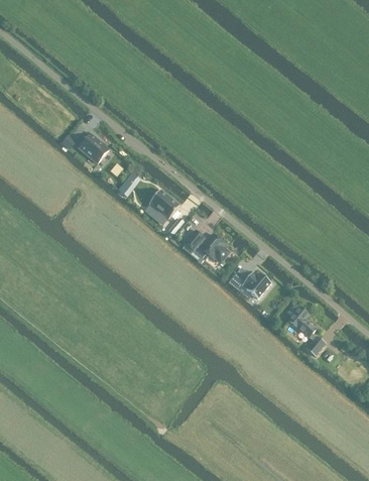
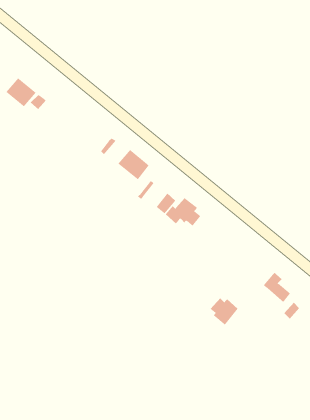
building: [77,133,107,162] -> [5,77,36,107]
building: [243,272,271,299] -> [210,297,239,325]

